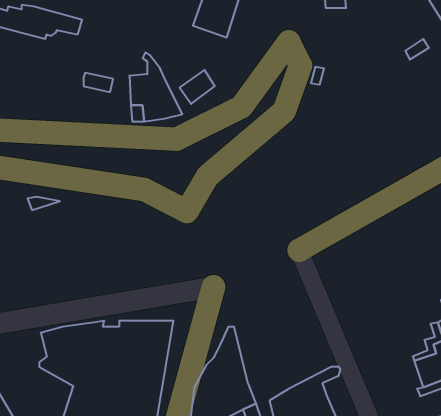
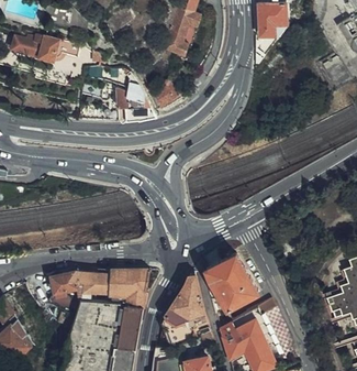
building: none -> [208,248,265,329]

